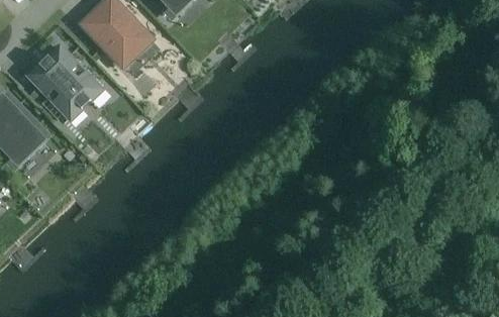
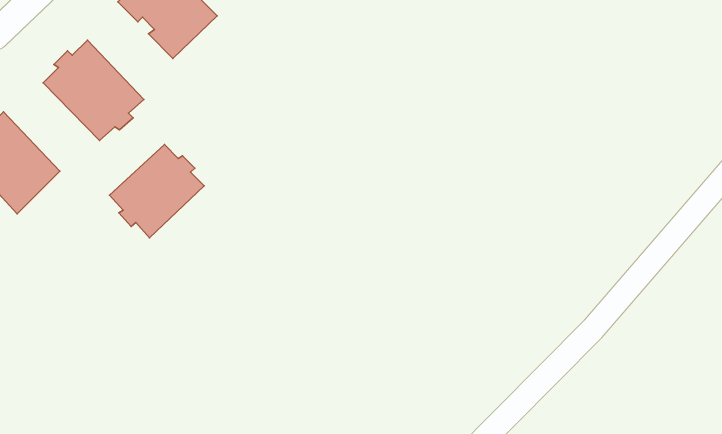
building: none -> [110,145,204,238]

